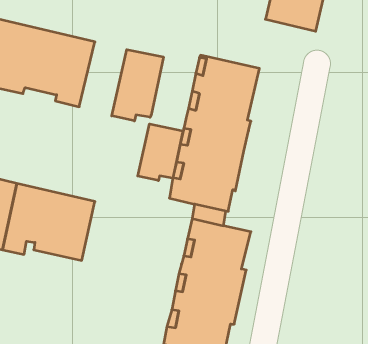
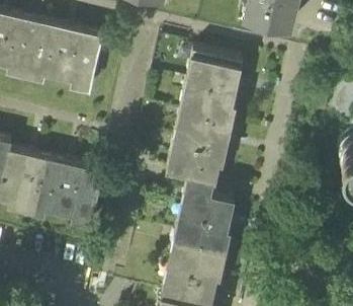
building: [112,50,163,121] -> none
building: [138,124,183,181] -> none

